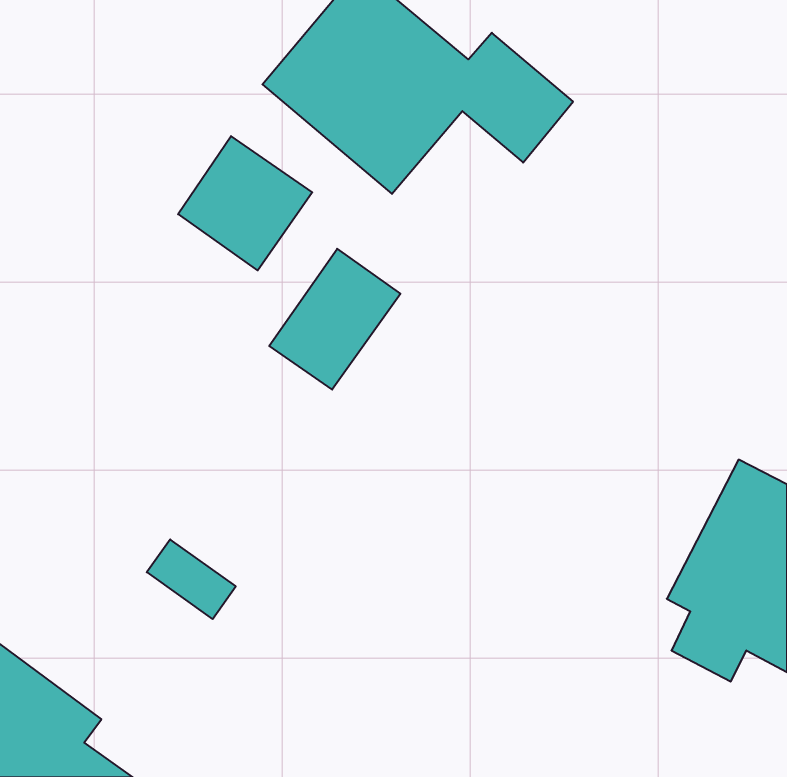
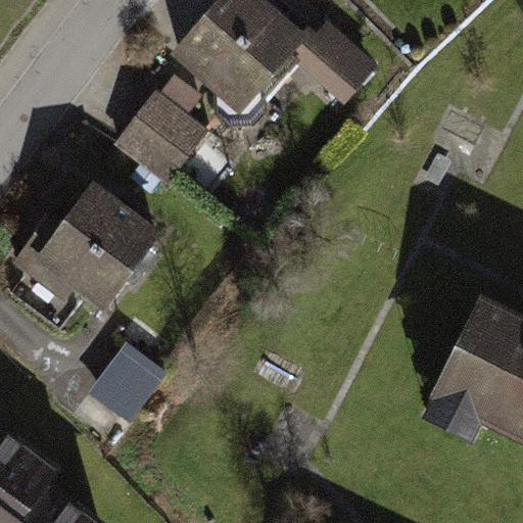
building: [269,249,400,390] -> none
building: none -> [37,184,157,306]

